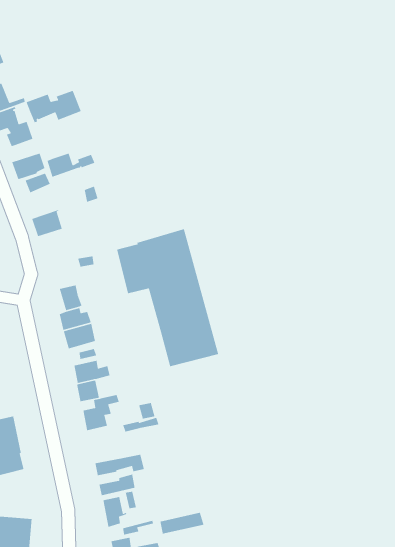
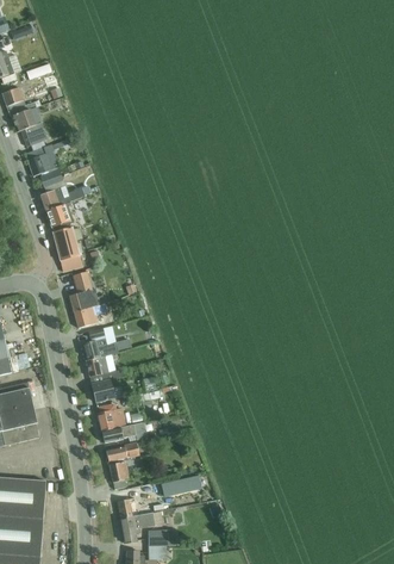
building: [26,90,82,123] -> none
building: [47,153,96,178] -> [40,187,85,210]
building: [116,228,219,367] -> none
building: none -> [52,227,82,272]
building: none -> [98,403,126,430]

